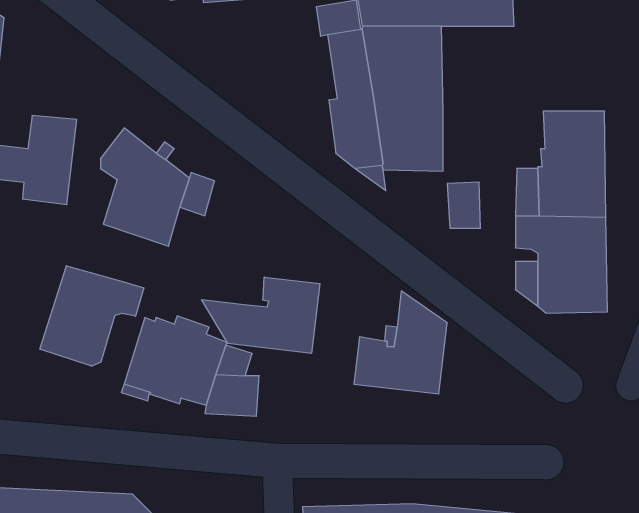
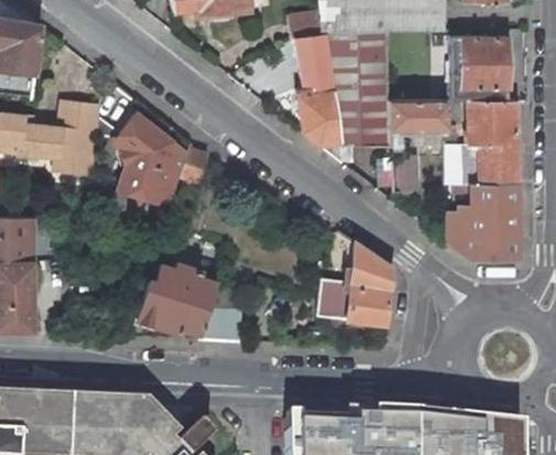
building: none -> [461,35,508,99]
building: none -> [389,99,447,127]
building: [40,266,144,366] -> none
building: [202,277,320,353] -> none

